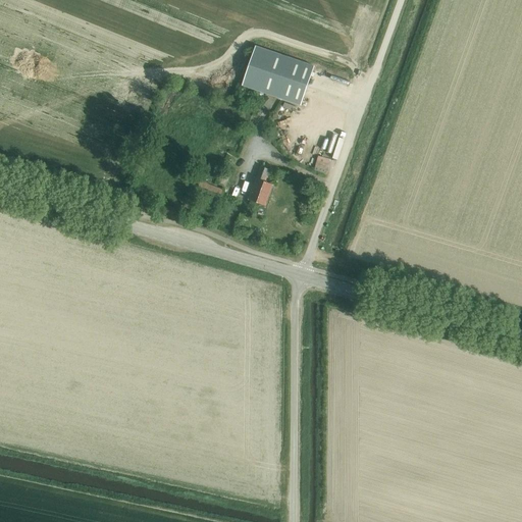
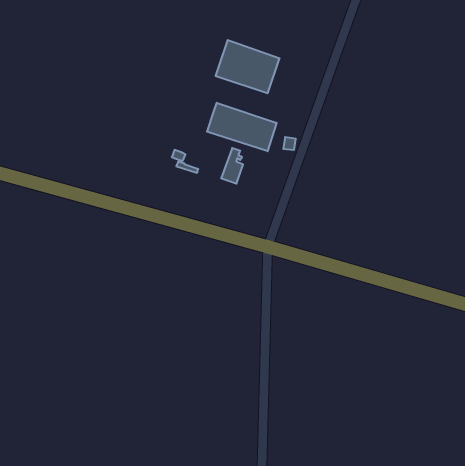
building: none -> [207,103,277,151]

